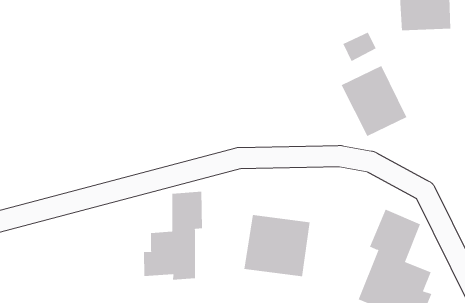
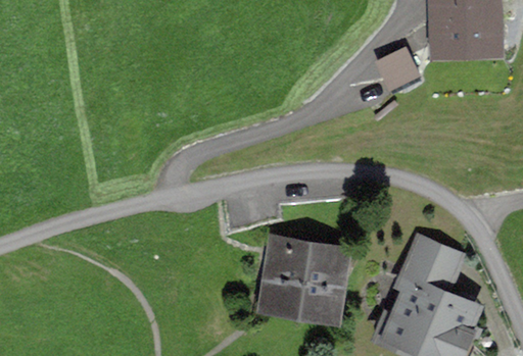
building: [341,65,407,137] -> none
building: [144,191,203,280] -> none

